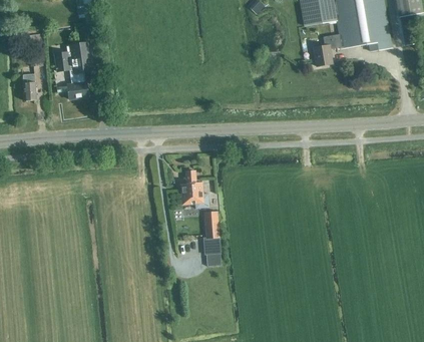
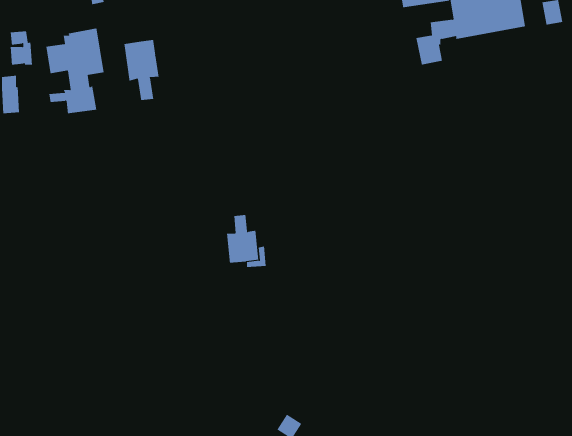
building: none -> [124,39,159,101]
building: [201,211,220,254] -> none

